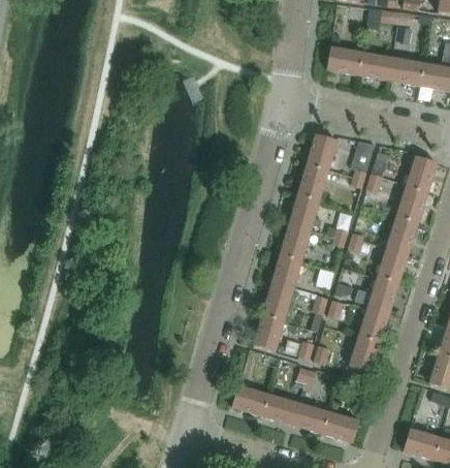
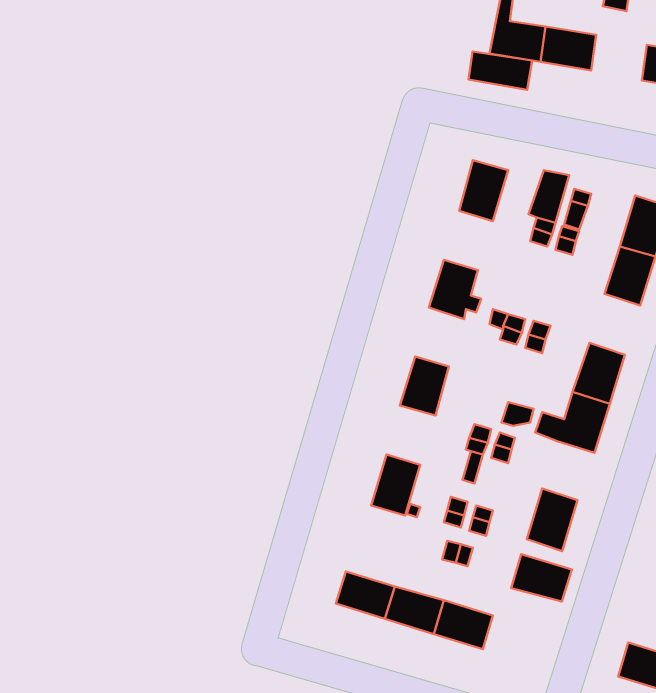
building: [388,57,422,85] -> none
building: none -> [469,52,532,90]
building: [298,164,328,200] -> none
building: [387,215,418,252] -> none
building: [281,223,311,259] -> none
building: [263,283,293,319] -> none
building: [358,305,390,341] -> none
building: [322,411,359,440] -> [511,554,572,602]

